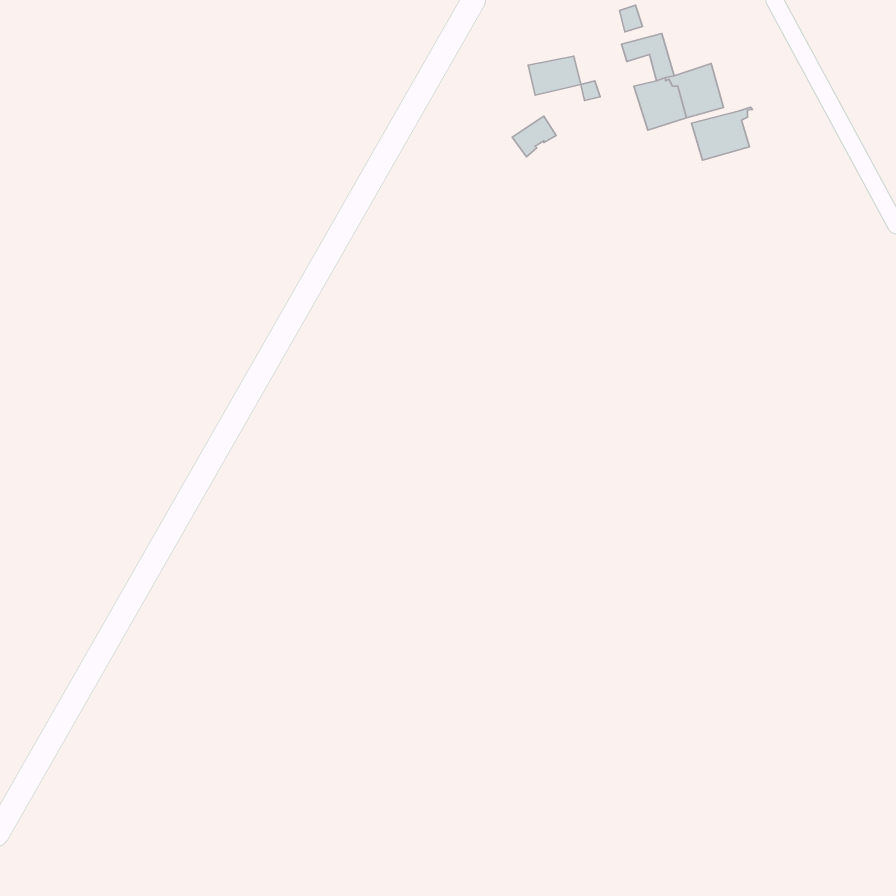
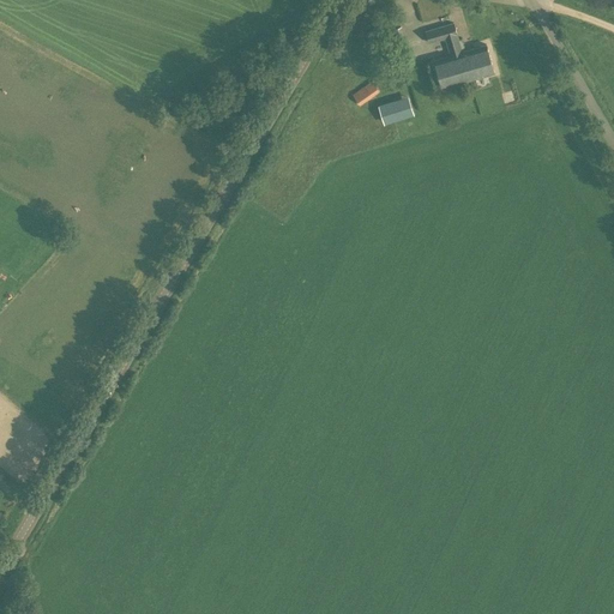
building: [528,56,581,95] -> [377,97,413,124]
building: [691,107,752,160] -> none

